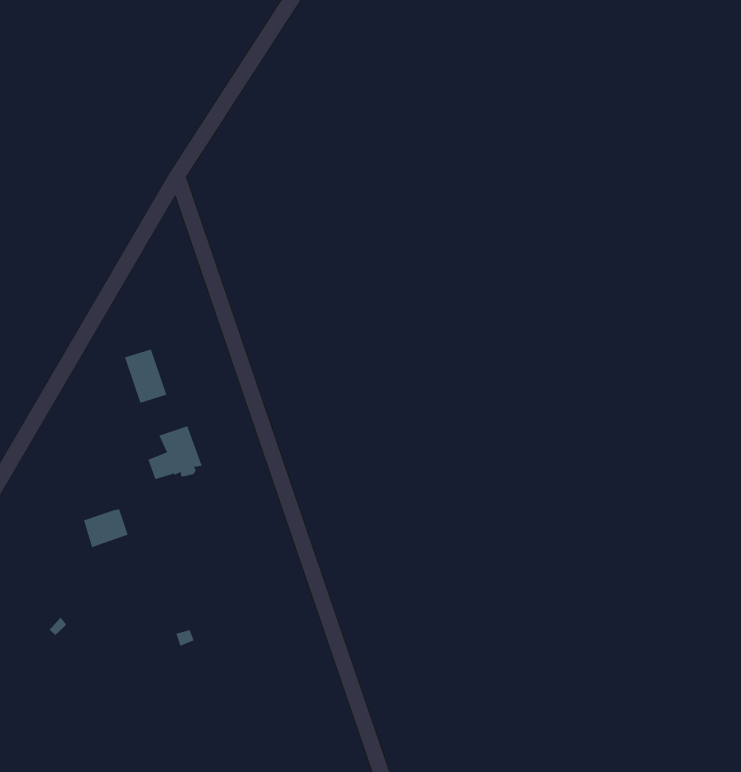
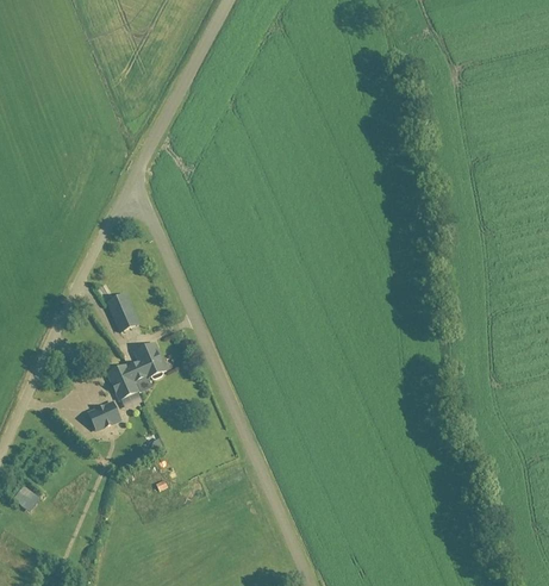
building: none -> [107,363,138,398]

